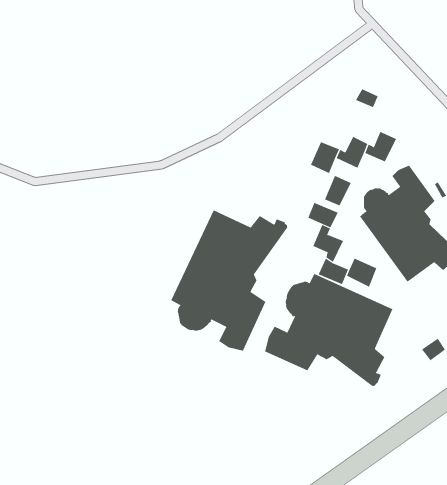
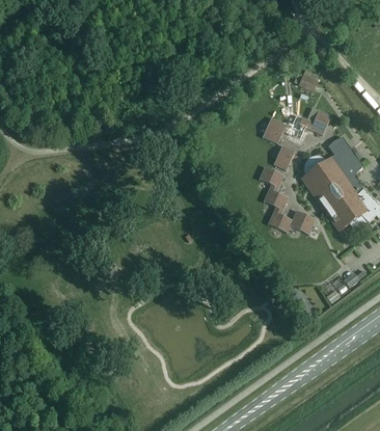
building: [171,210,288,352] -> none
building: [264,273,393,387] -> none

